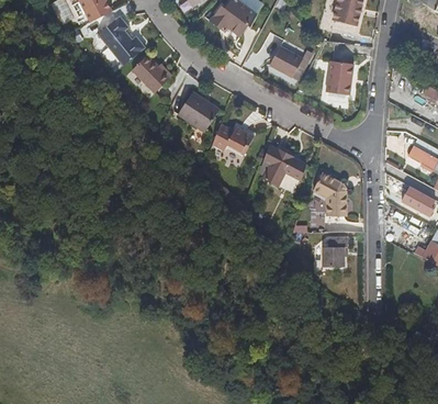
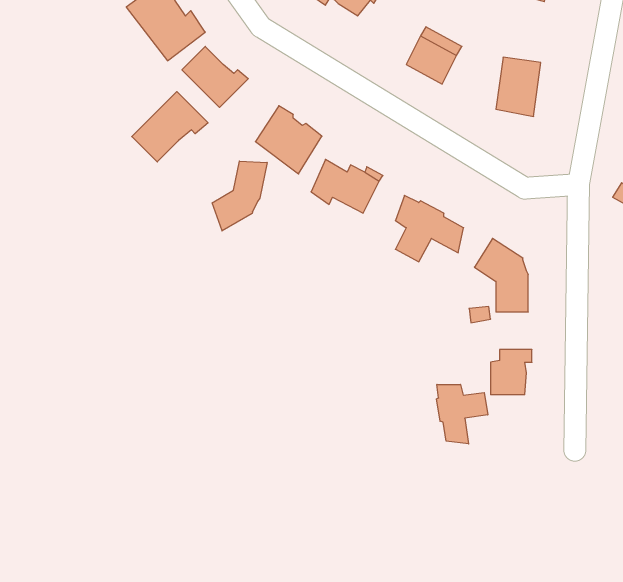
building: none -> [132,92,208,162]
building: none -> [212,161,267,231]
building: none -> [437,384,488,444]

